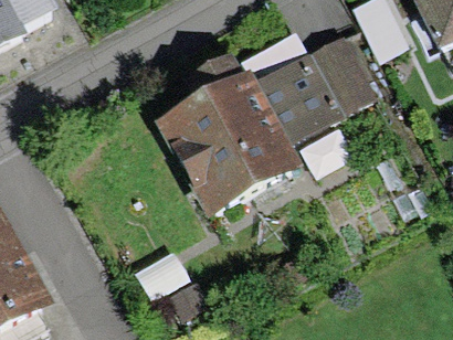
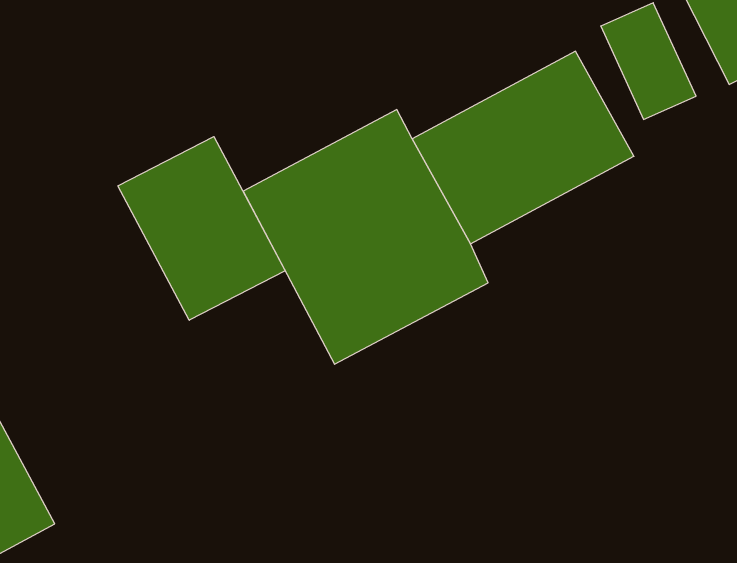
building: none -> [118,137,285,320]

